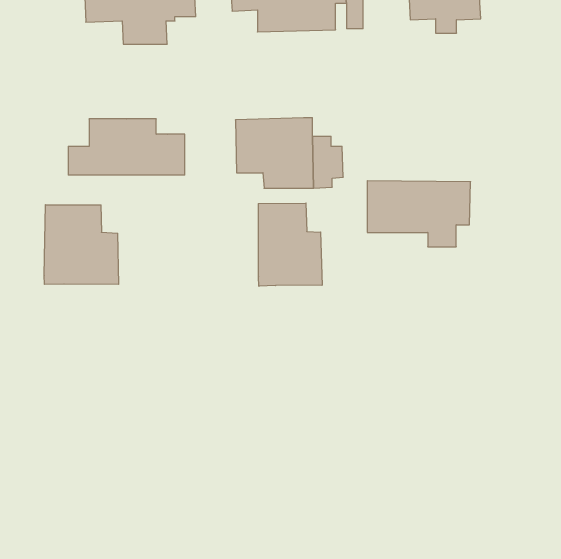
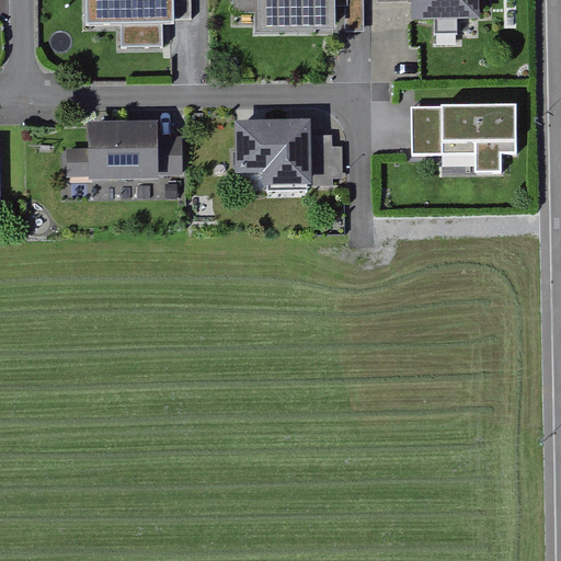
building: [367,181,471,247] -> [411,106,514,172]
building: [258,203,322,286] -> none
building: [44,205,118,284] -> none

